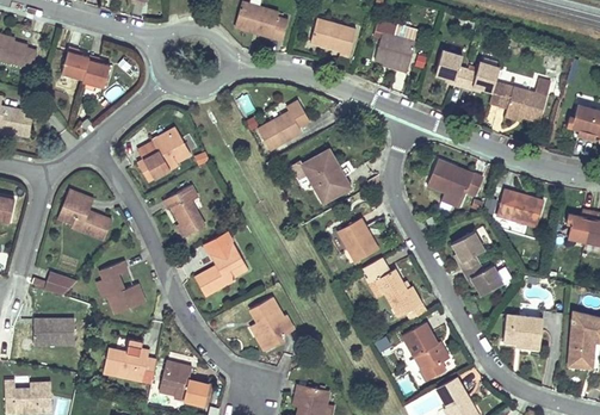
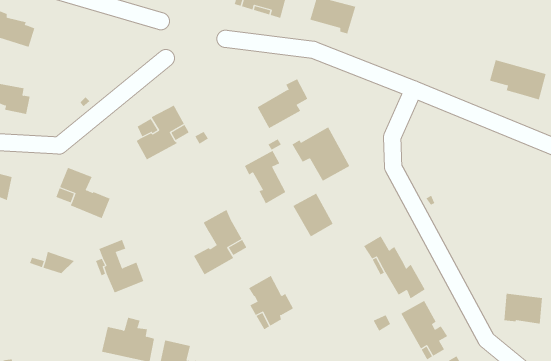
building: [375,32,415,74] -> none
building: [62,47,110,88] -> none
building: [435,51,500,92] -> none
building: [427,160,483,208] -> none
building: [162,185,204,239] -> [244,150,286,204]
building: [496,190,544,228] -> none
building: [338,218,378,262] -> [293,193,333,237]
building: [451,231,503,296] -> none
building: [33,320,74,346] -> none

